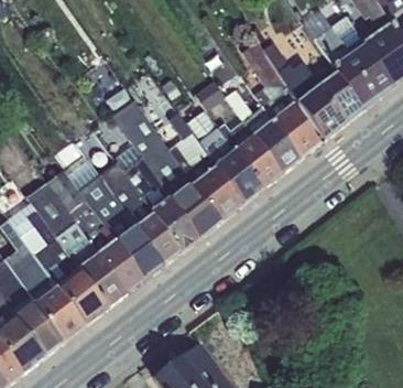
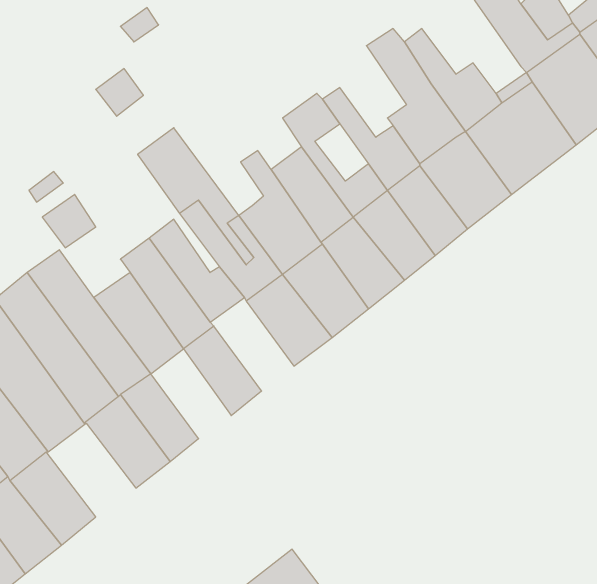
building: [151,196,199,250] -> none
building: [117,226,163,278] -> none
building: [56,269,108,323] -> none

